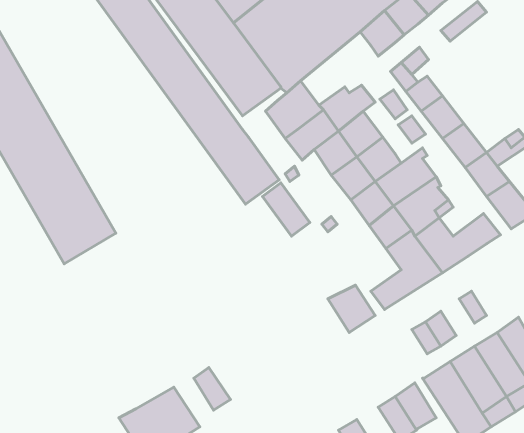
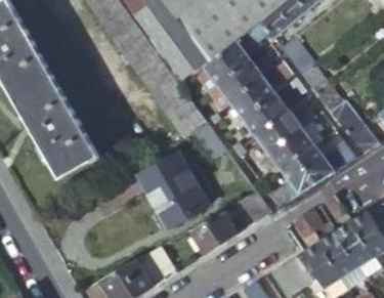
building: none -> [220,22,267,71]
building: none -> [136,153,208,227]
building: none -> [189,213,236,254]

